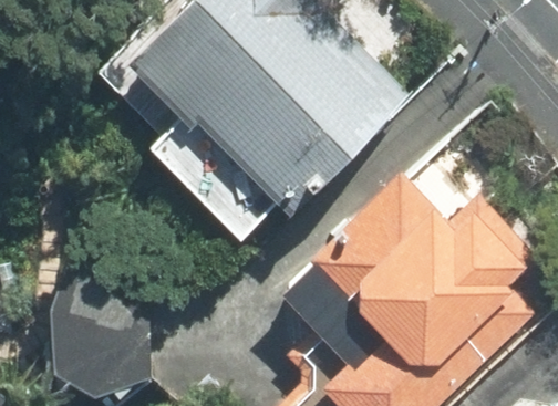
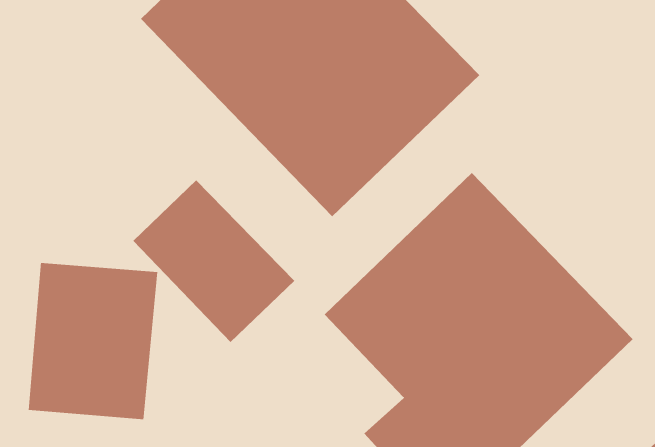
building: none -> [132,180,295,343]

